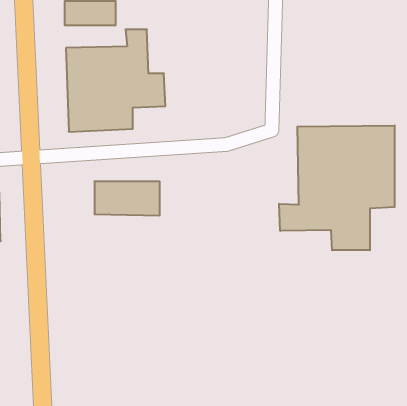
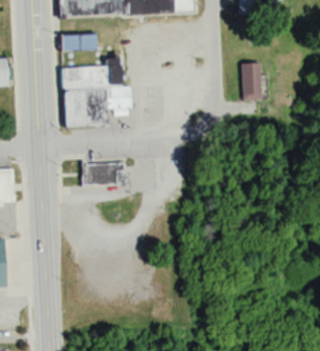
building: none -> [242,63,260,99]
building: [279,125,395,250] -> none

